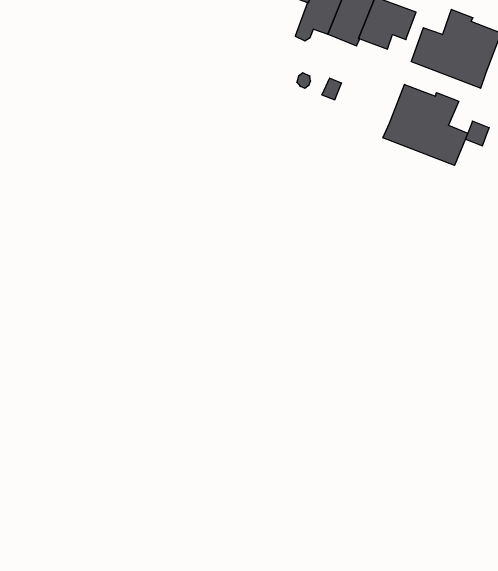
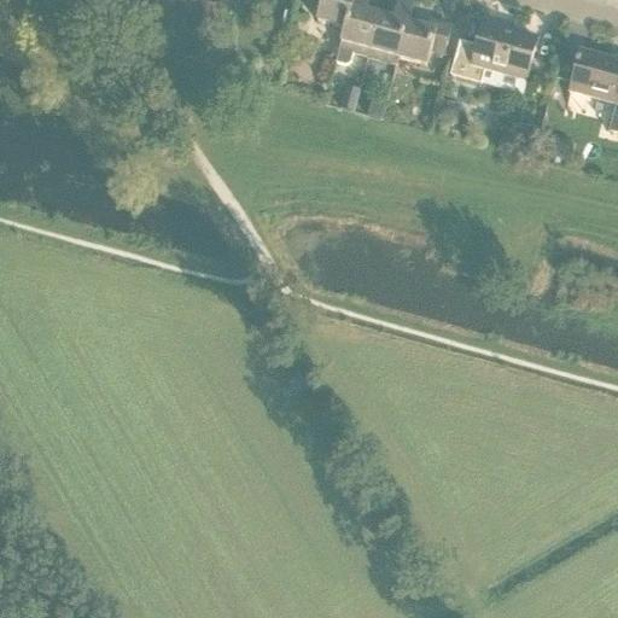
building: [383,84,468,165] -> none

